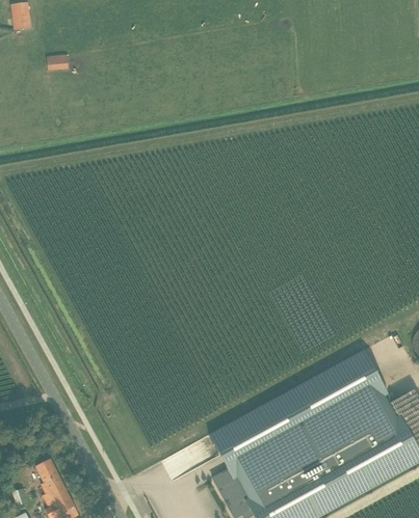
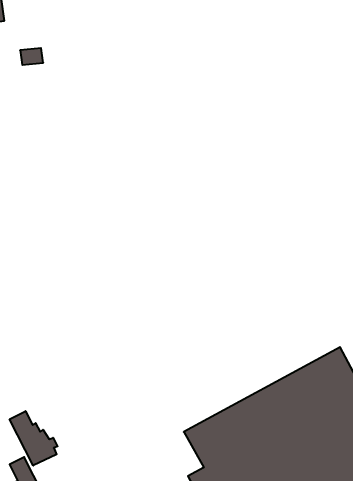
building: none -> [10,411,58,466]

